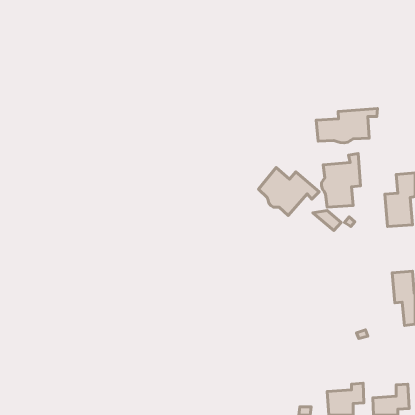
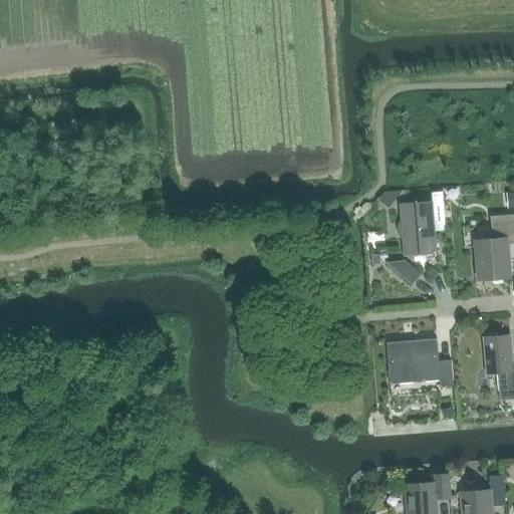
building: [316,108,377,143] -> none
building: [258,168,319,216] -> none
building: none -> [387,338,454,388]

